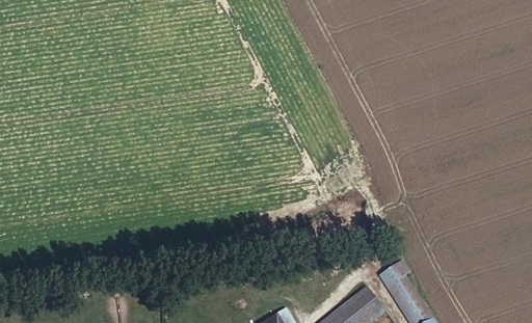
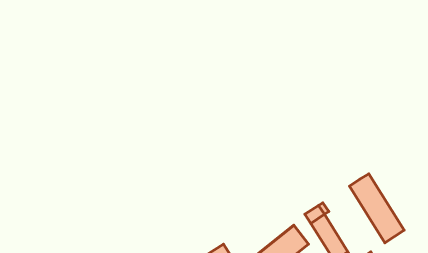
building: none -> [349,174,404,243]

